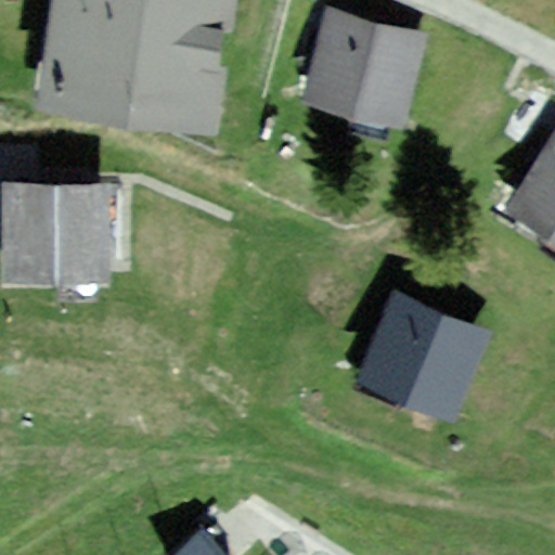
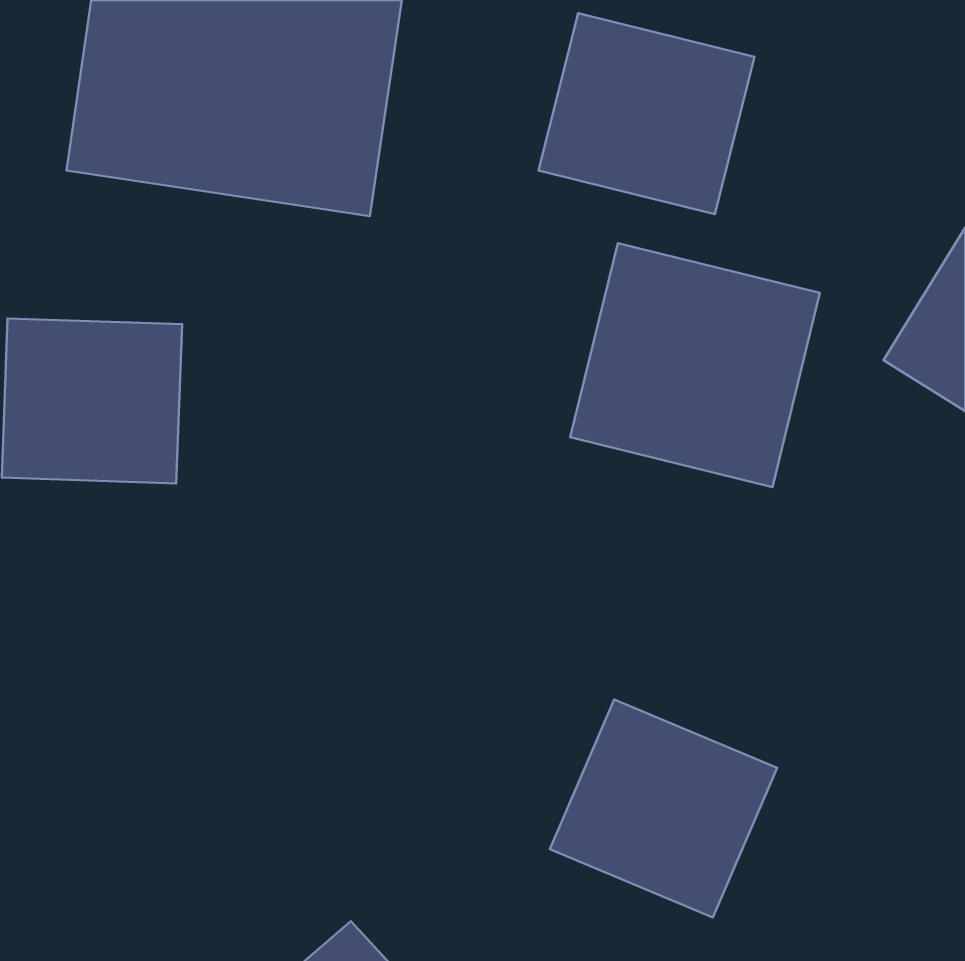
building: none -> [570,243,820,487]
building: [356,296,486,421] -> [550,699,777,917]

